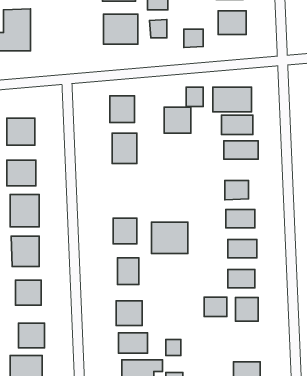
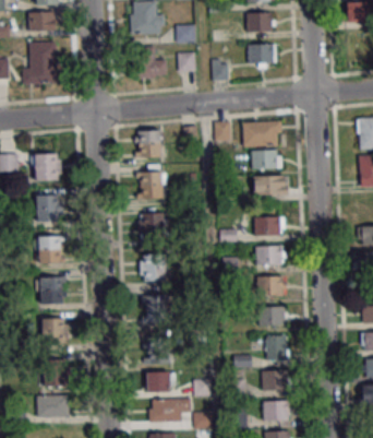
building: [164,107,191,133] -> none
building: none -> [140,212,165,239]
building: [151,222,188,253] -> none
building: [204,297,227,316] -> [262,370,285,390]

